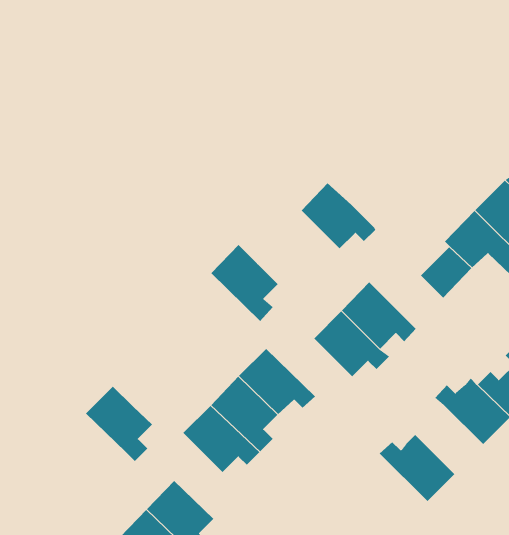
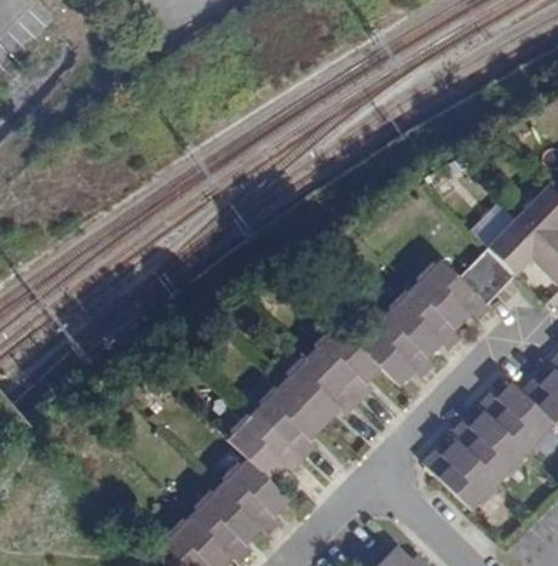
building: [301,183,376,249] -> [412,261,487,327]
building: [211,244,278,322] -> [309,326,376,404]
building: [85,386,153,462] -> [217,459,284,536]
building: none -> [449,412,525,481]

